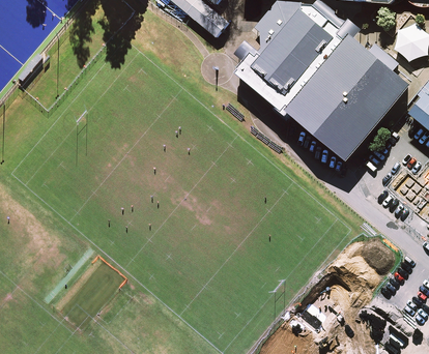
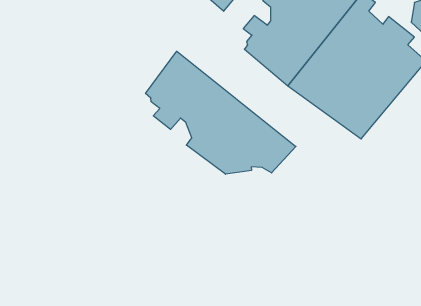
building: none -> [146,51,296,174]

